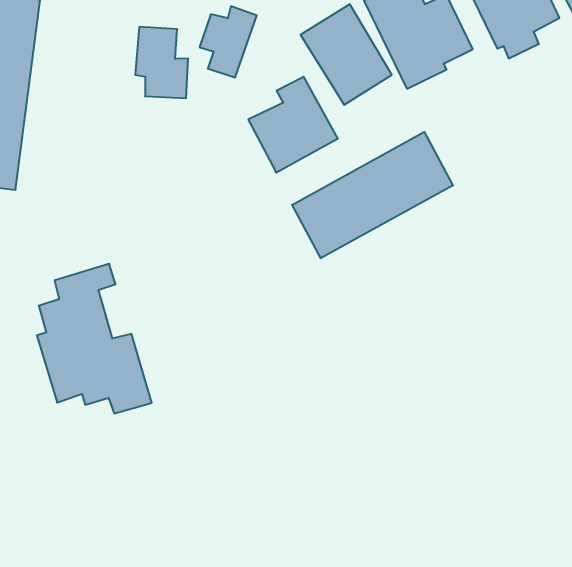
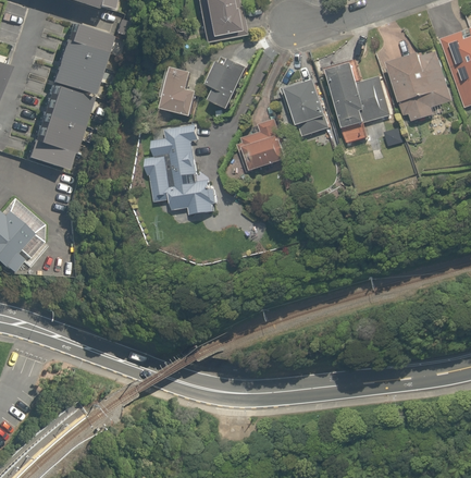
building: [292,132,453,258] -> none
building: [37,264,152,413] -> [147,120,216,220]

